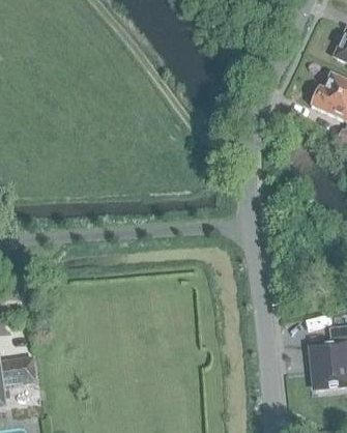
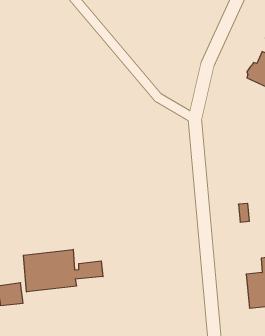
building: none -> [23,249,103,292]

